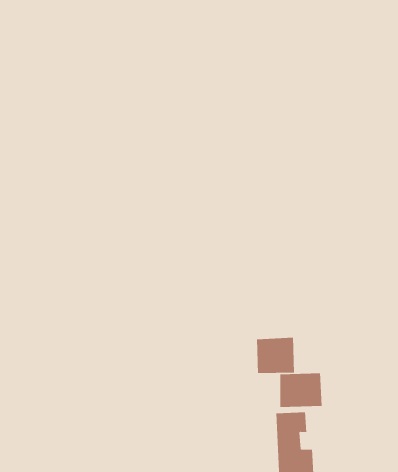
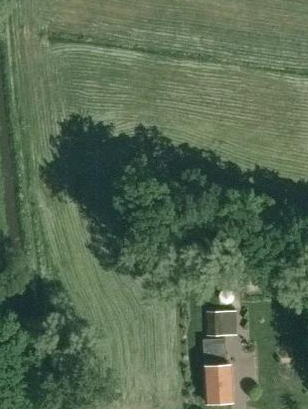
building: [256,337,295,374] -> none

